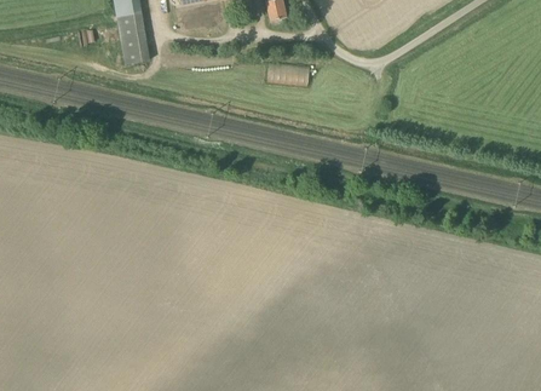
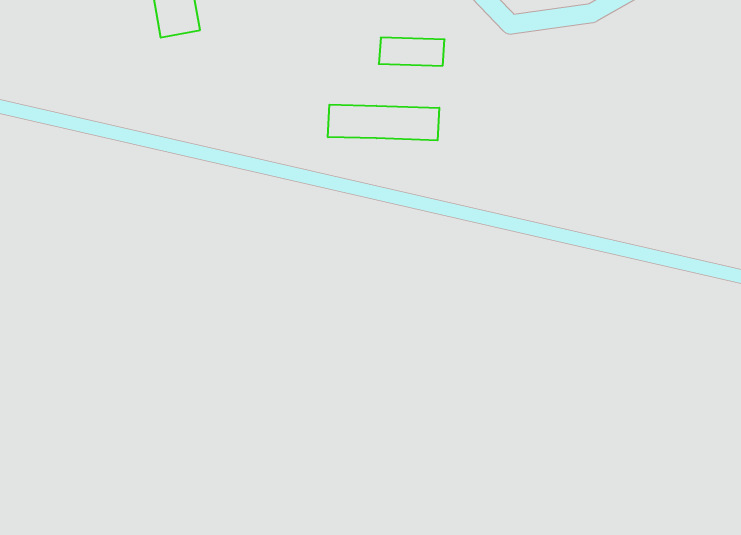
building: none -> [328,105,439,140]

